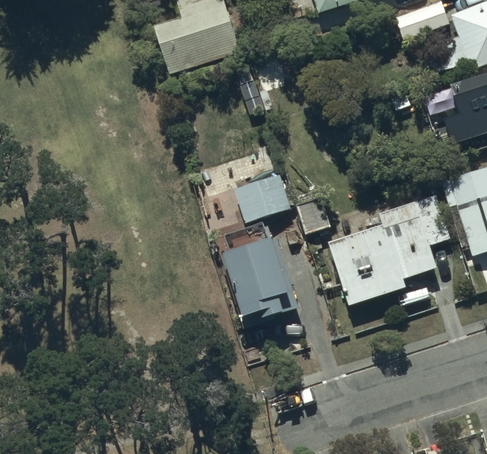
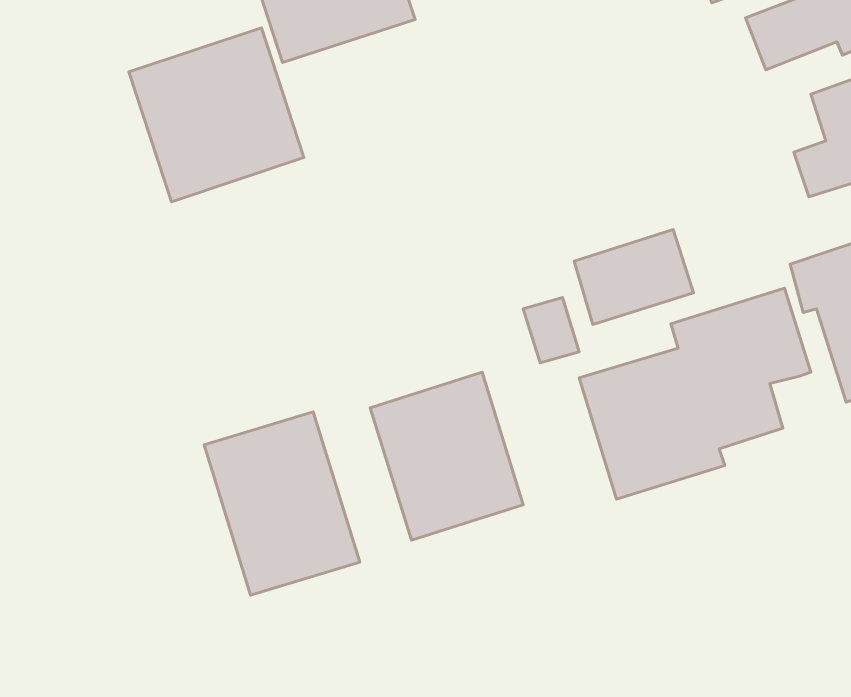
building: none -> [129,28,304,202]
building: [231,171,295,222] -> [574,229,694,325]
building: none -> [204,412,360,595]

